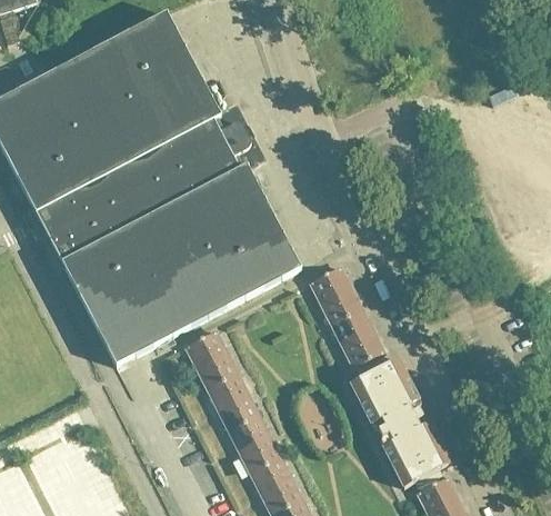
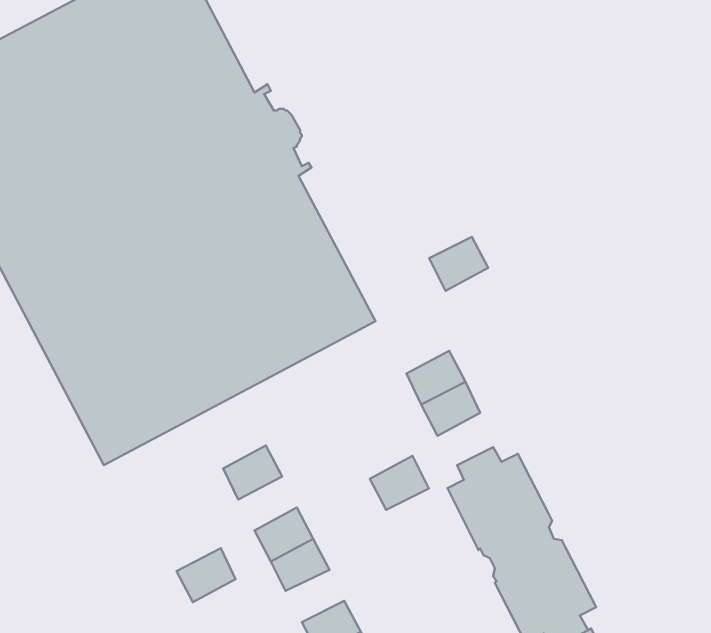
building: [310,265,350,301] -> [429,237,488,291]
building: [342,328,382,365] -> [370,456,429,510]
building: [186,329,226,366] -> none
building: [207,371,247,408] -> [177,548,235,602]
building: [239,435,279,470] -> none

